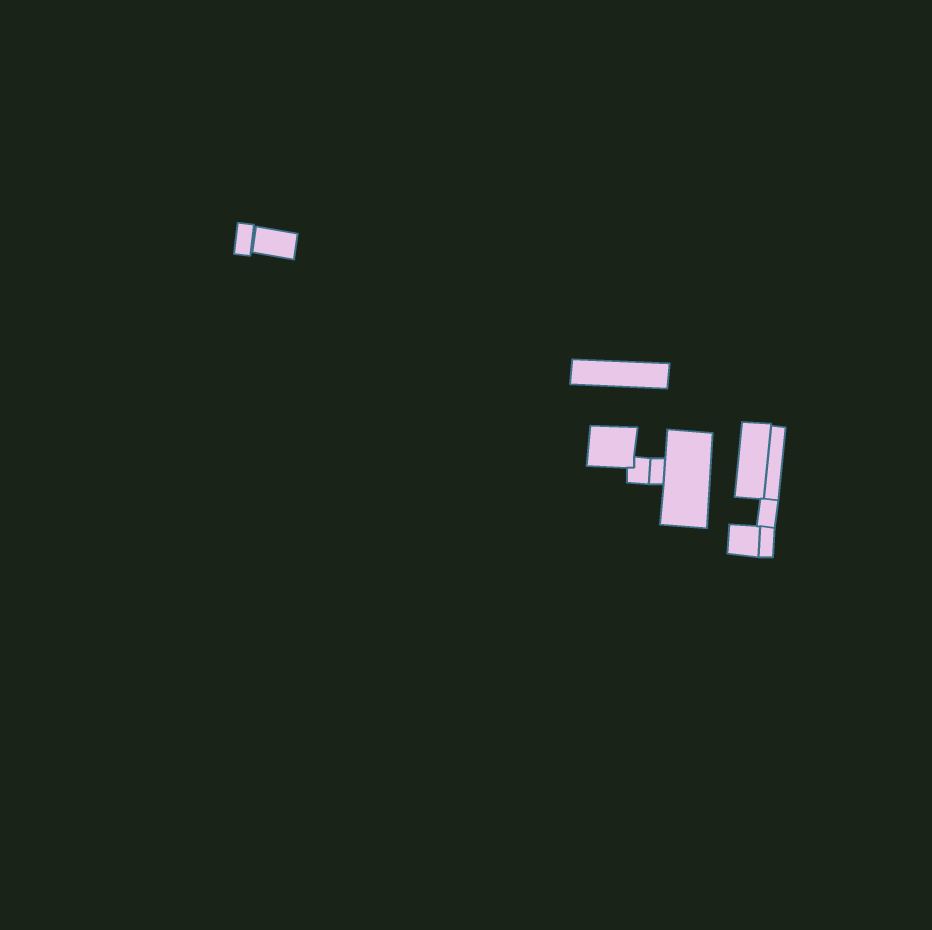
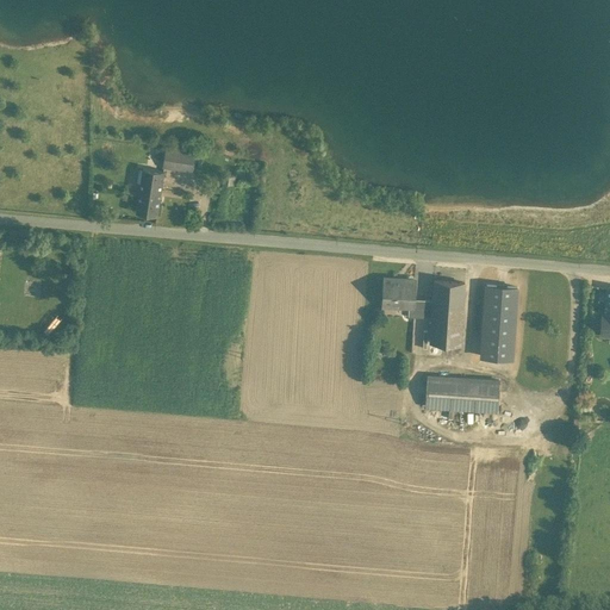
building: none -> [137,169,166,217]
building: [570,359,670,389] -> none
building: none -> [428,378,500,412]

